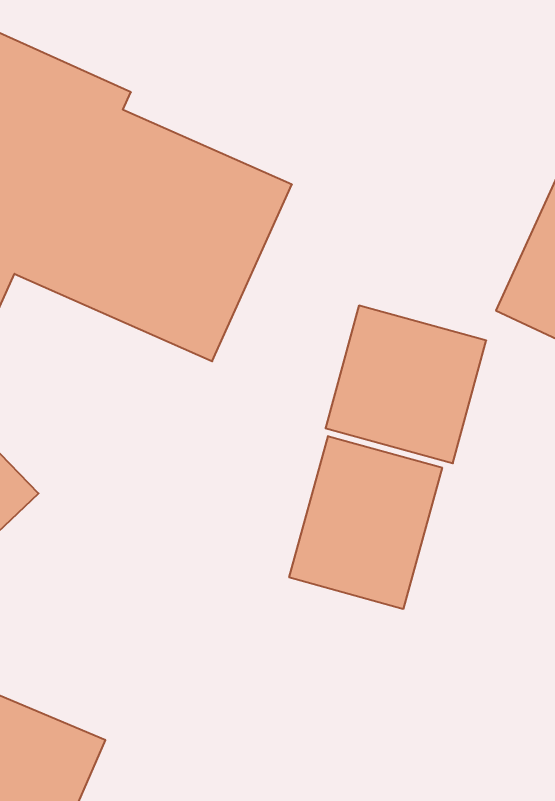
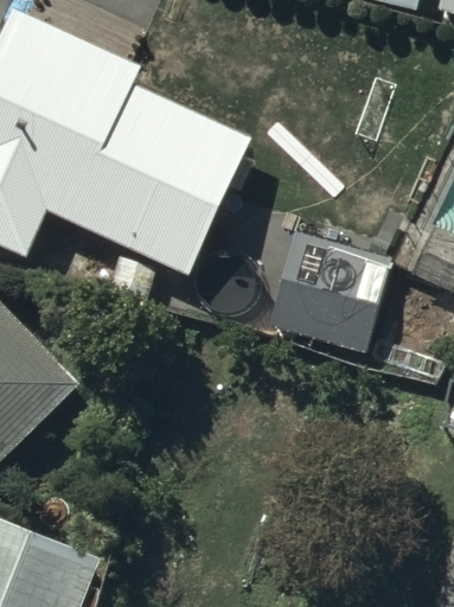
building: [289,436,442,609] -> none

